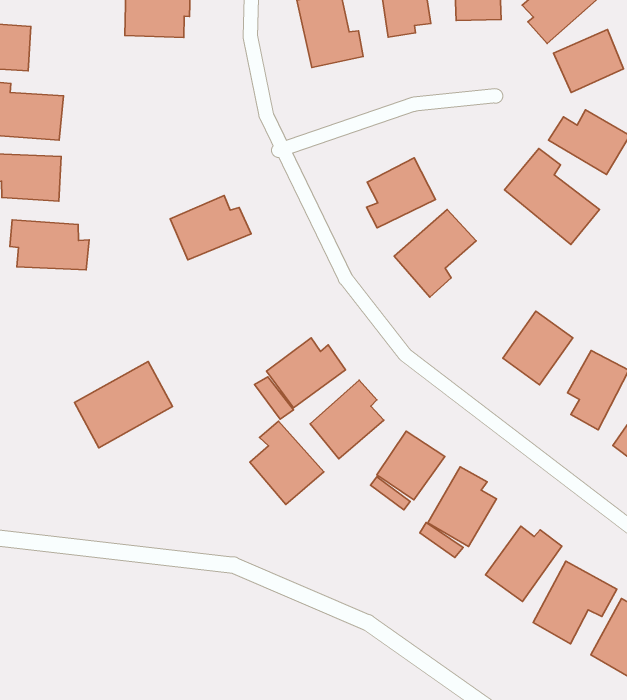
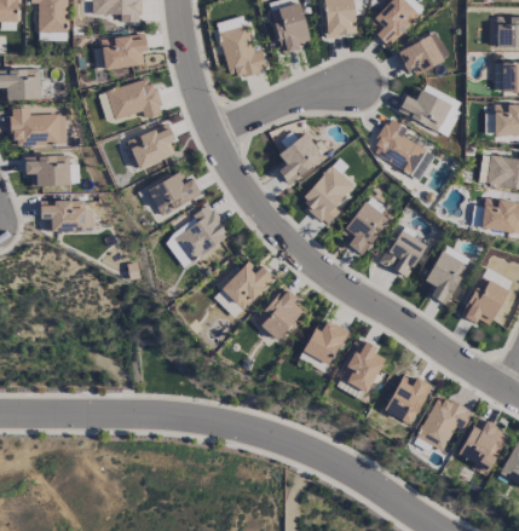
building: none -> [106,79,161,120]
building: none -> [126,123,175,169]
building: none -> [339,201,390,254]
building: [74,361,173,448] -> [163,206,230,267]
building: [250,421,324,504] -> none

